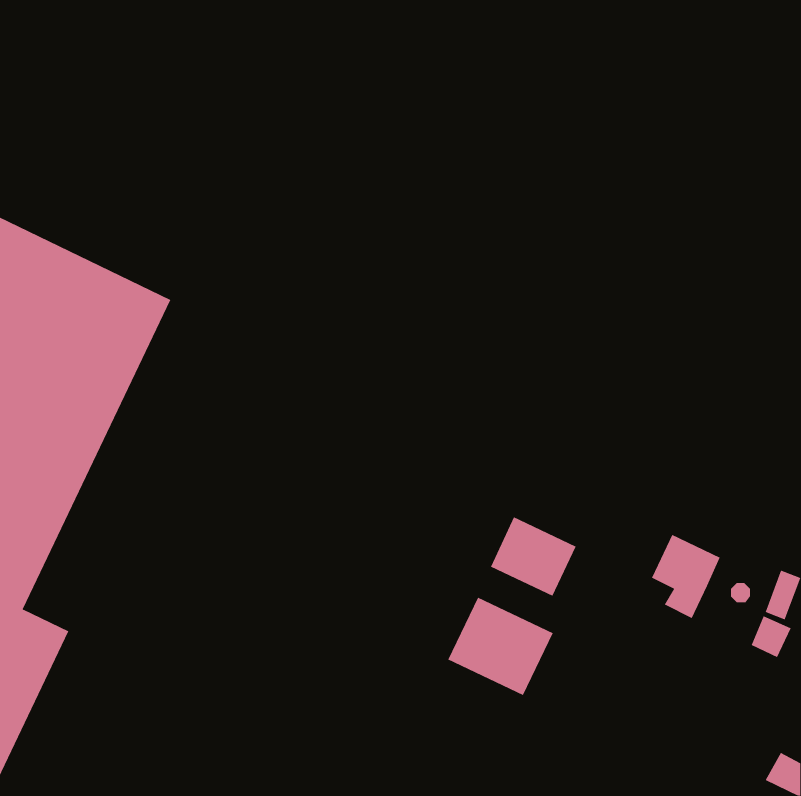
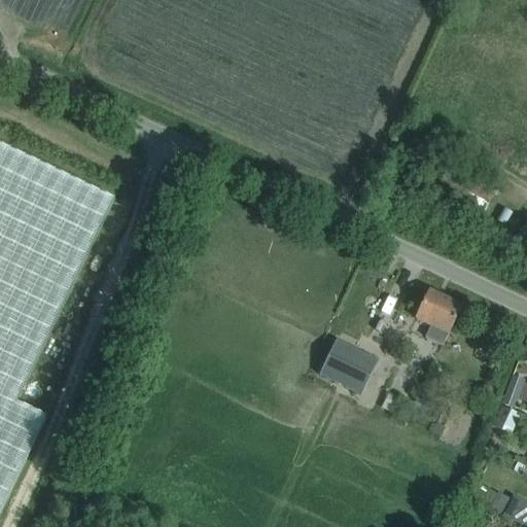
building: [651,534,720,619] -> [415,287,460,343]
building: [447,597,553,696] -> none

